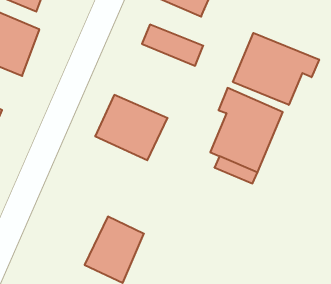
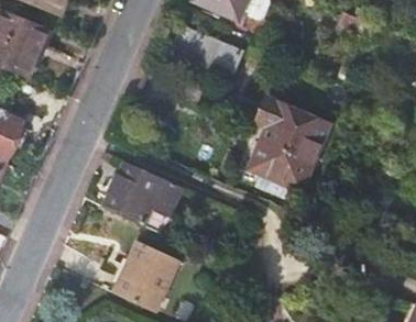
building: [233,33,319,105] -> none
building: [95,95,168,160] -> [102,162,182,233]

